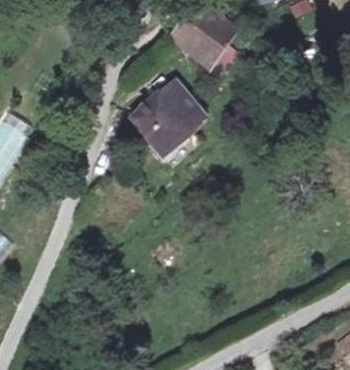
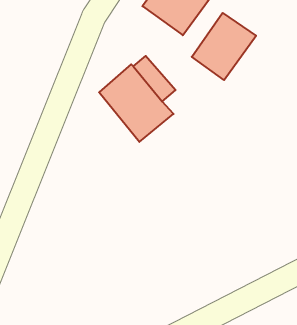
building: none -> [192,13,256,80]

